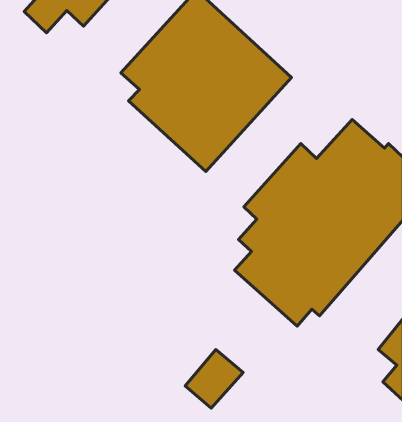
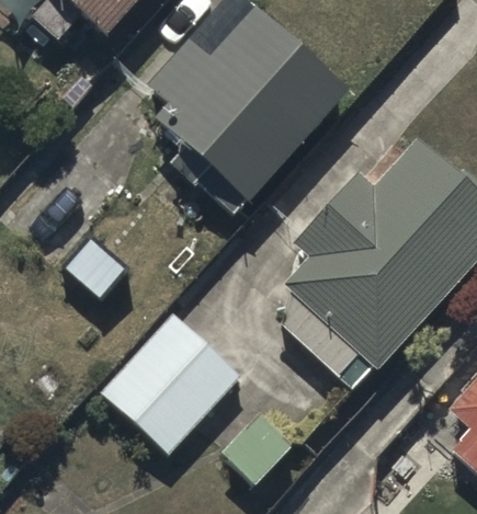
building: none -> [101,311,239,449]

